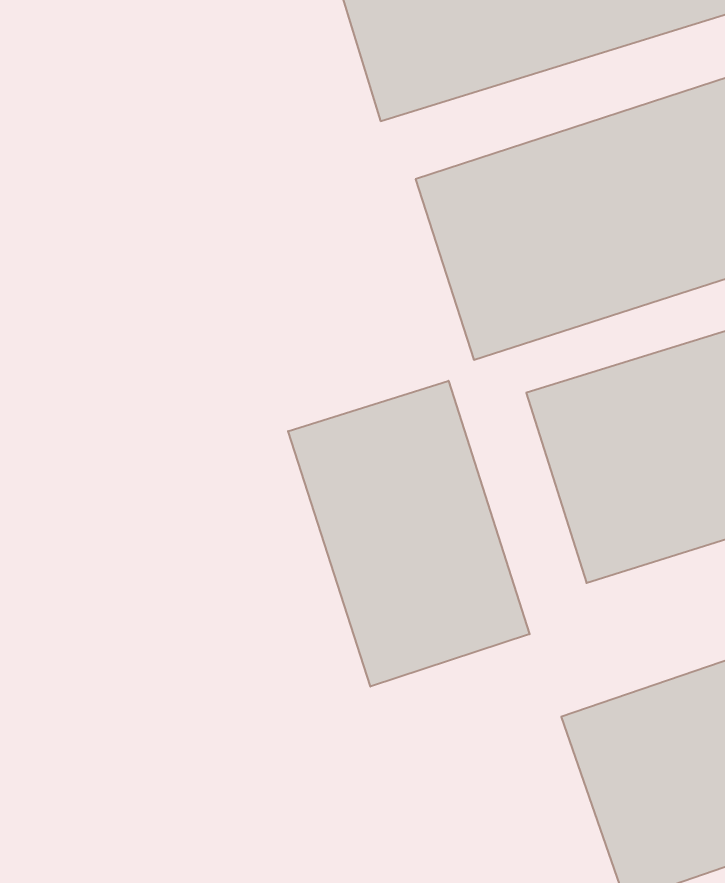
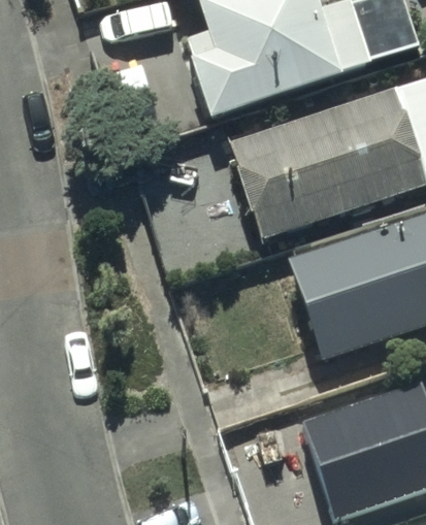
building: [288,381,530,687] -> none

